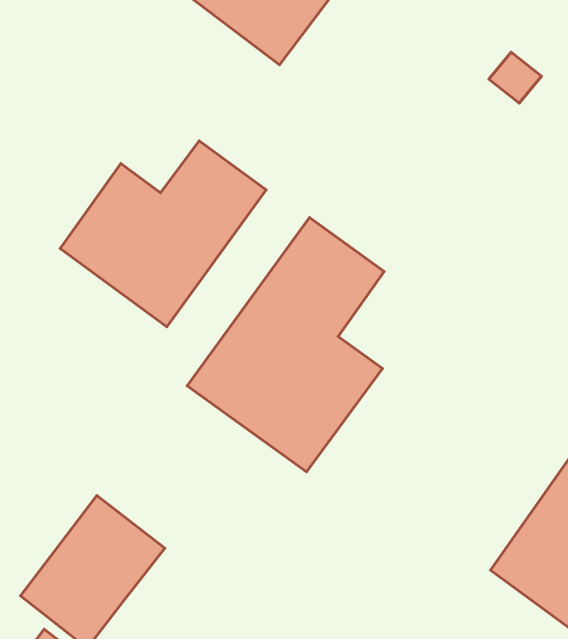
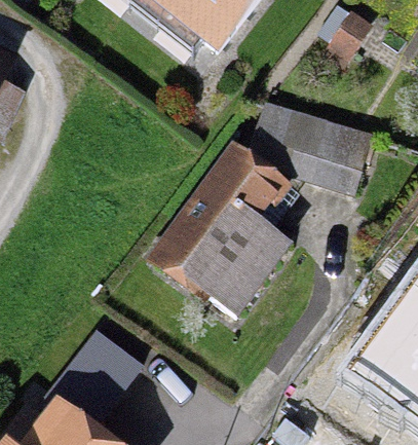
building: none -> [262,102,378,195]
building: [60,141,266,327] -> none

